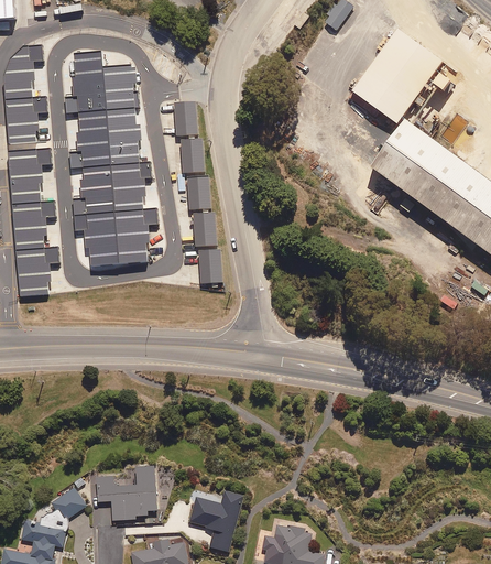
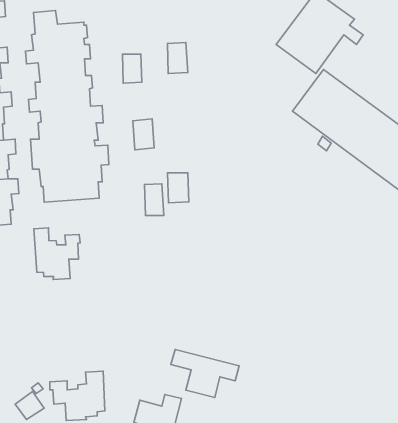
building: [182,138,205,173] -> [167,43,188,74]
building: [193,213,217,247] -> [167,173,189,203]
building: none -> [34,228,80,280]
building: none -> [171,350,239,397]

